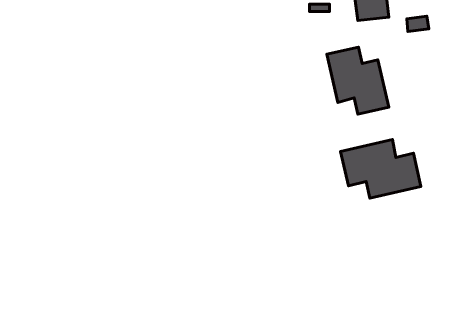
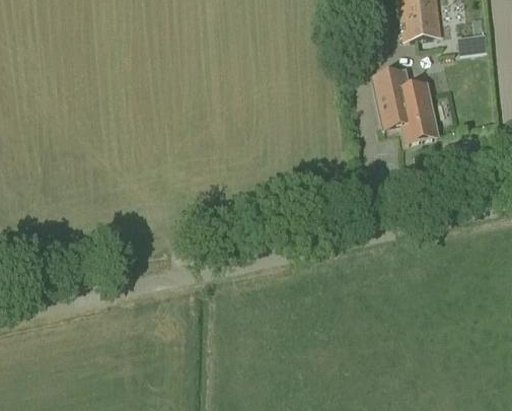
building: [341,139,421,198] -> none

